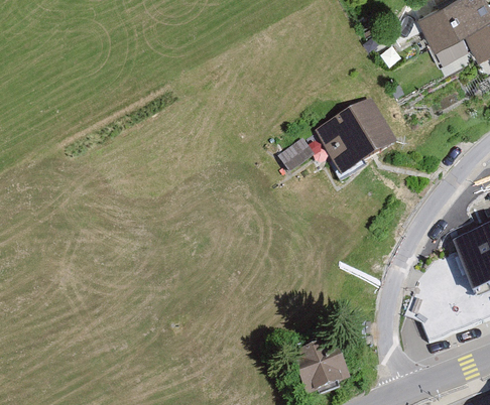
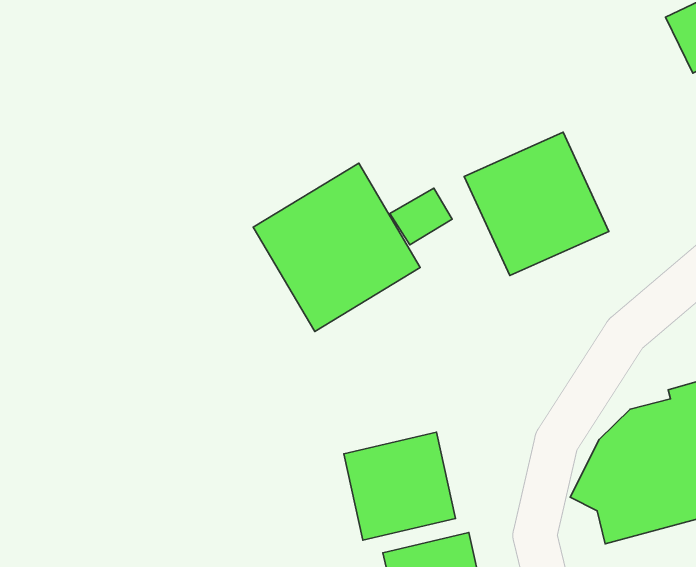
building: none -> [253,163,420,332]
building: none -> [344,432,455,540]

